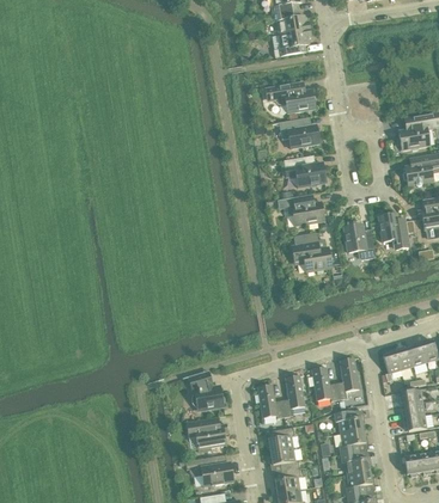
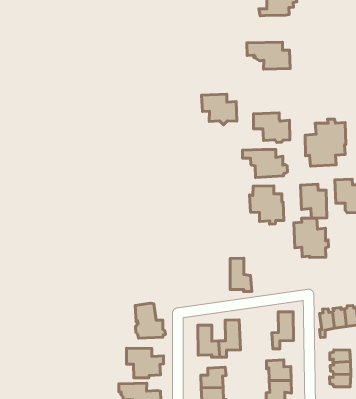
building: [279,117,319,149] -> [201,94,237,125]
building: none -> [305,119,346,166]
building: none -> [294,218,328,258]
building: [312,368,340,403] -> [230,258,252,292]

